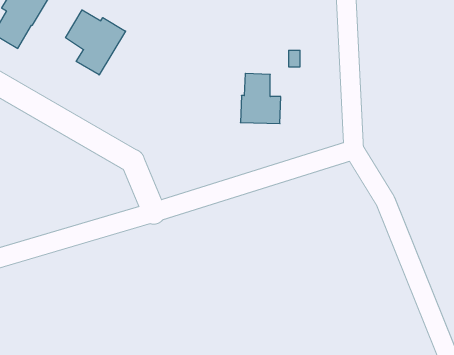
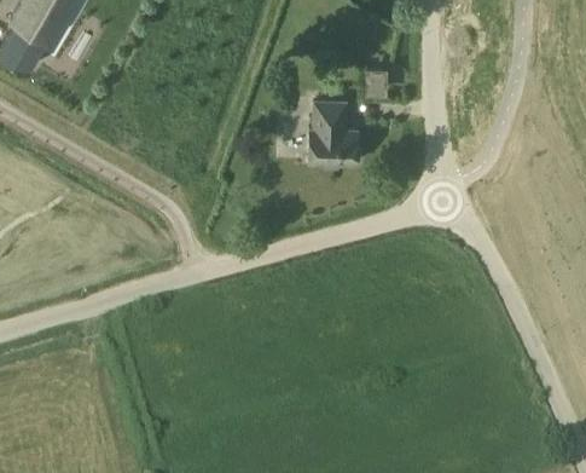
building: [66,10,126,75] -> none

